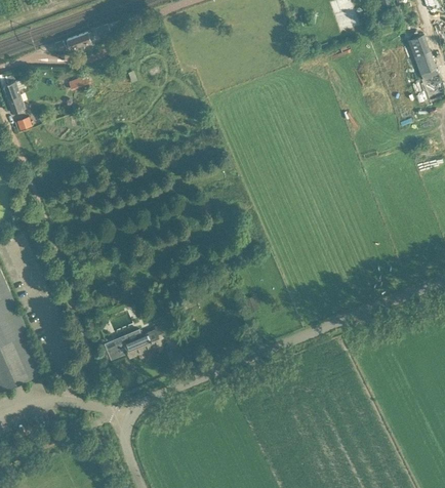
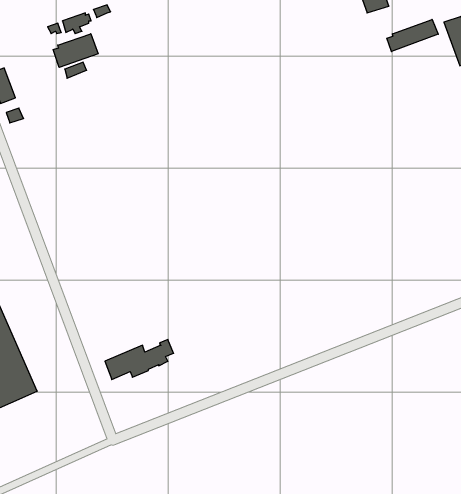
building: none -> [387,19,438,52]
building: none -> [53,34,98,67]

